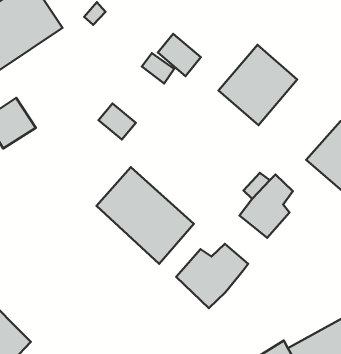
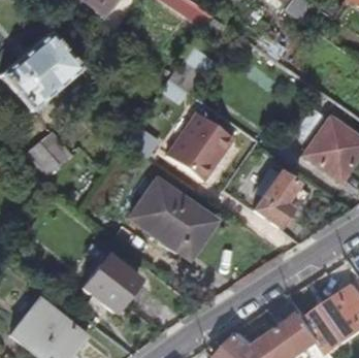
building: [219,45,297,125] -> [166,113,232,182]
building: none -> [81,247,140,314]
building: [176,244,248,308] -> none

